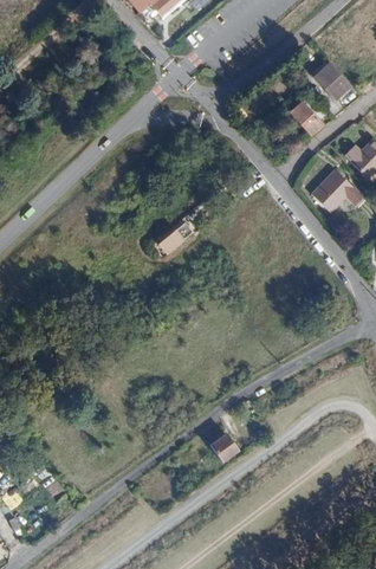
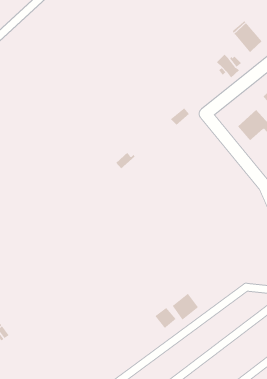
building: none -> [172,293,199,320]

